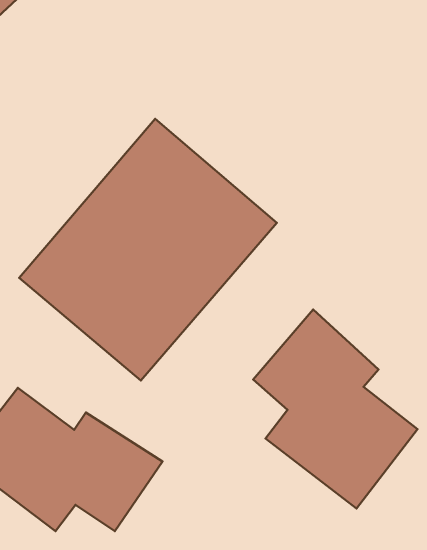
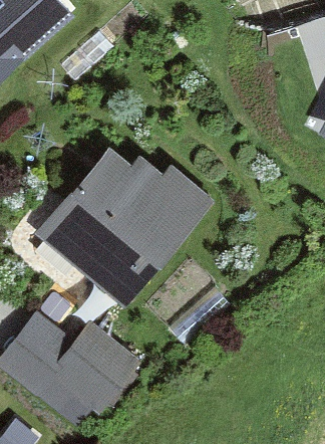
building: [253,310,417,509] -> none

